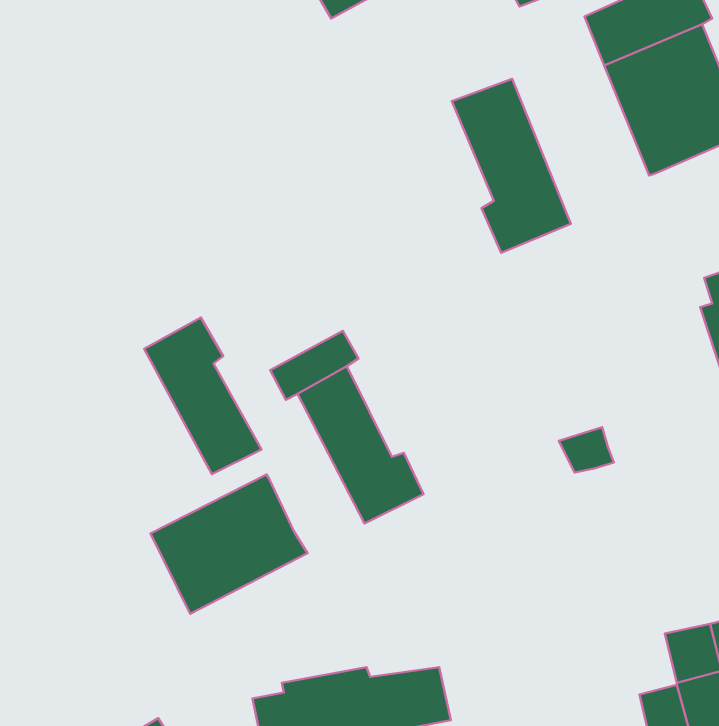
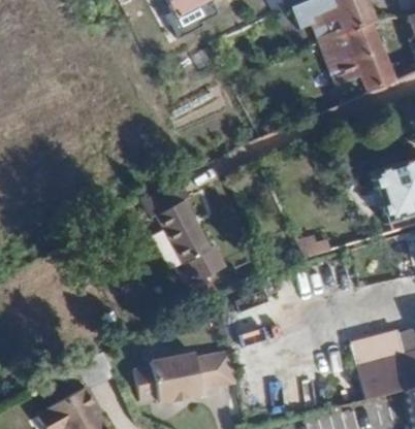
building: [452,79,571,253] -> none
building: [144,317,261,474] -> none
building: [151,474,308,614] -> none

